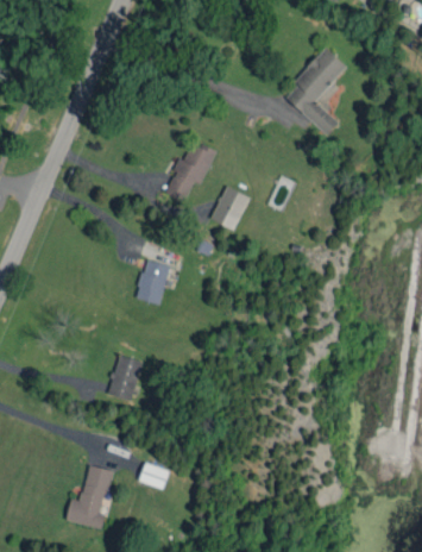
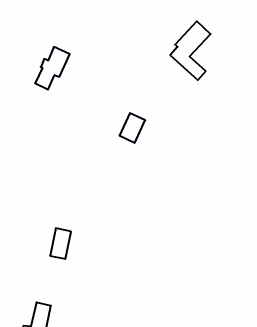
building: [165,140,216,203] -> [35,47,70,90]
building: [136,258,170,303] -> none
building: [139,462,169,488] -> none

